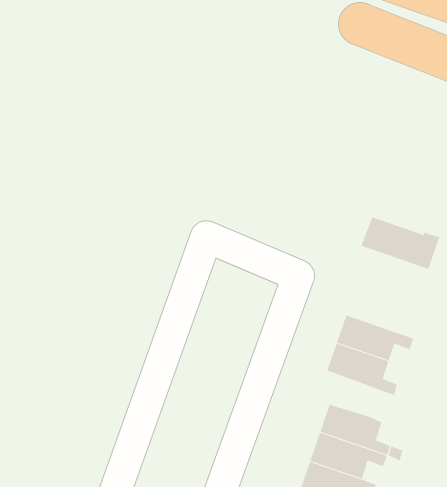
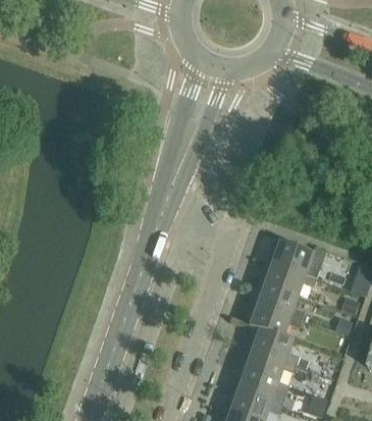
building: [361,216,440,269] -> [268,240,326,278]
building: none -> [247,302,304,335]

